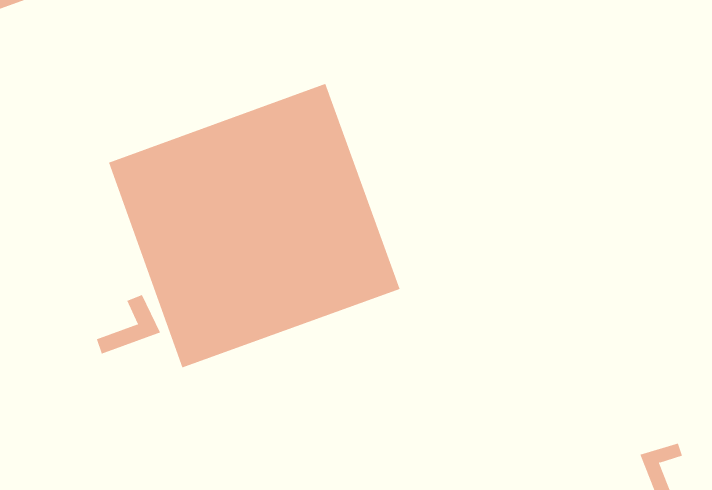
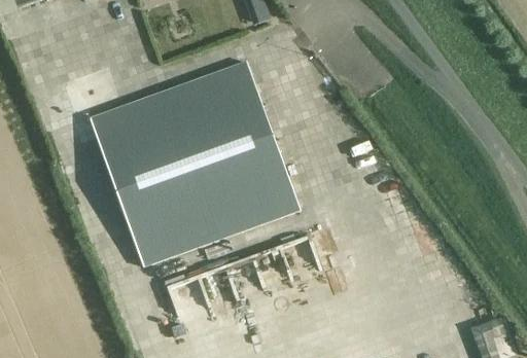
building: [96,294,161,354] -> none

